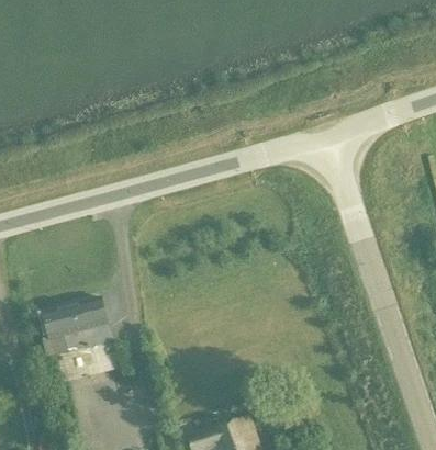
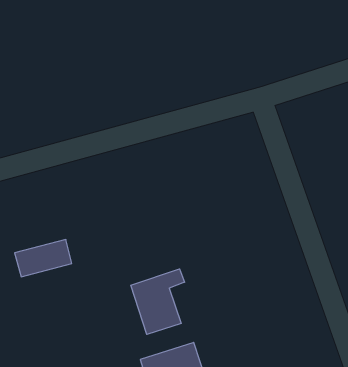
building: none -> [131,269,185,334]

